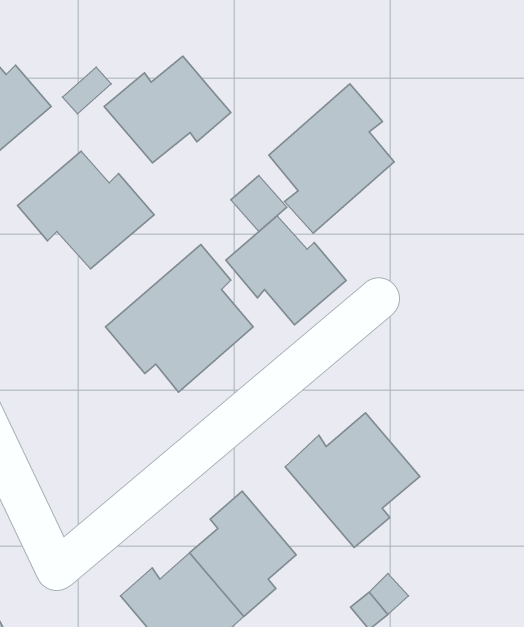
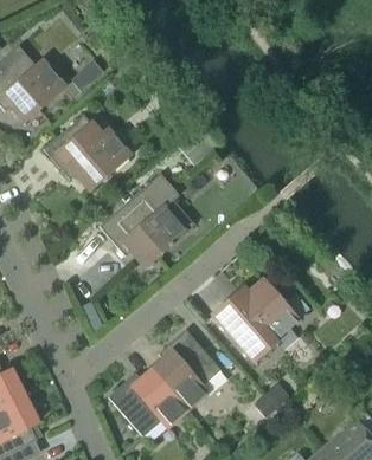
building: [104,56,231,163] -> none
building: [269,84,394,233] -> none
building: [226,216,346,325] -> none

